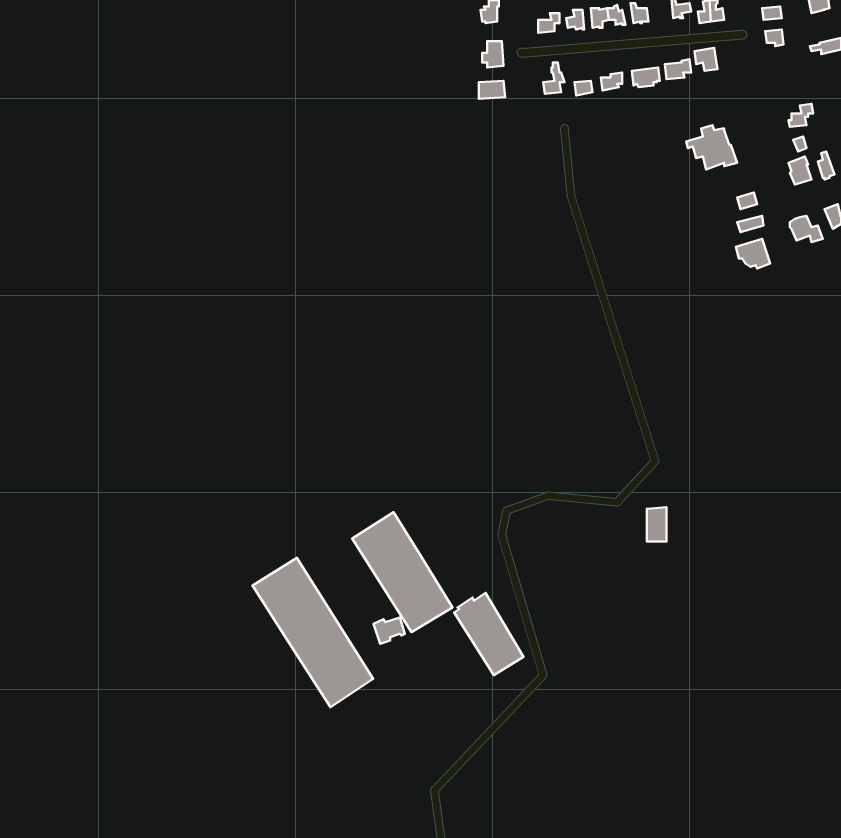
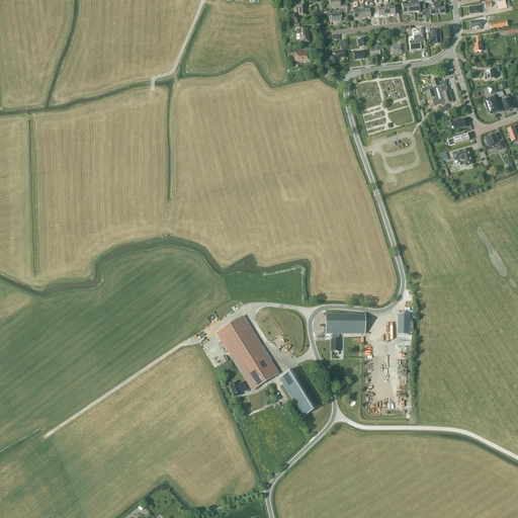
building: none -> [324,312,365,350]
building: [253,558,373,707] -> none

